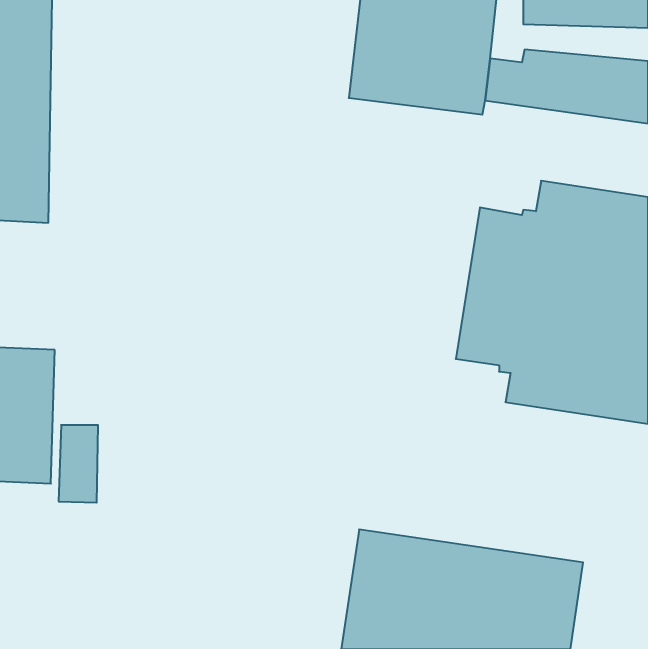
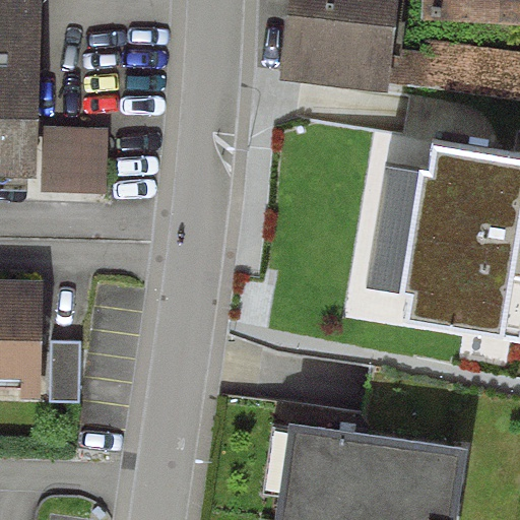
building: none -> [41,124,106,191]

